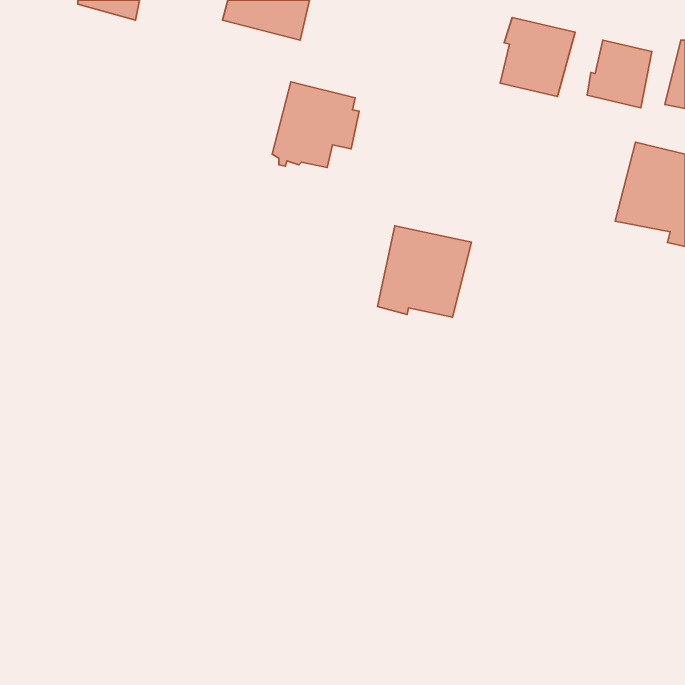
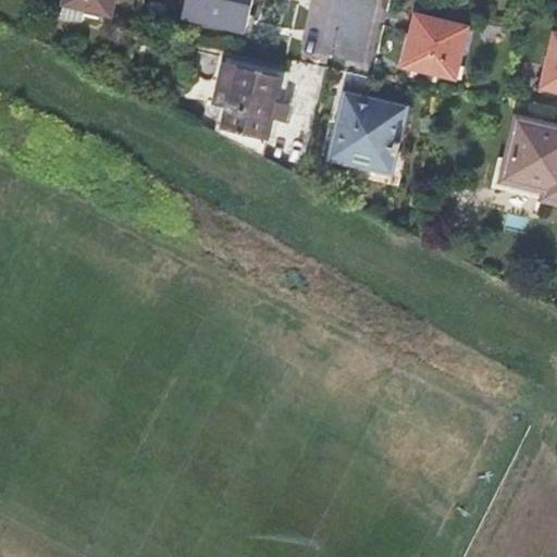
building: [587,40,652,108] -> none
building: [378,226,471,317] -> [330,95,406,169]

